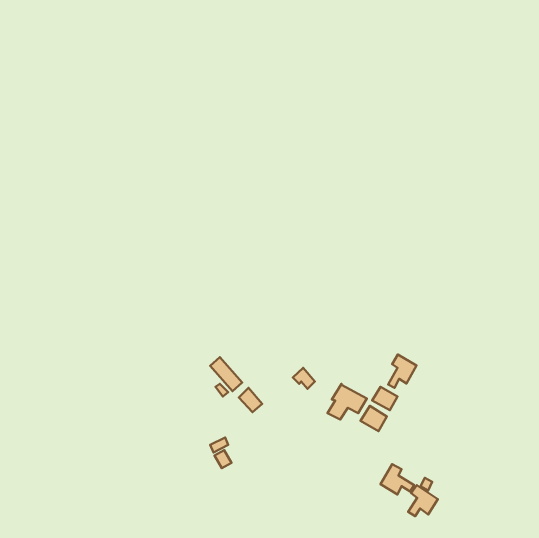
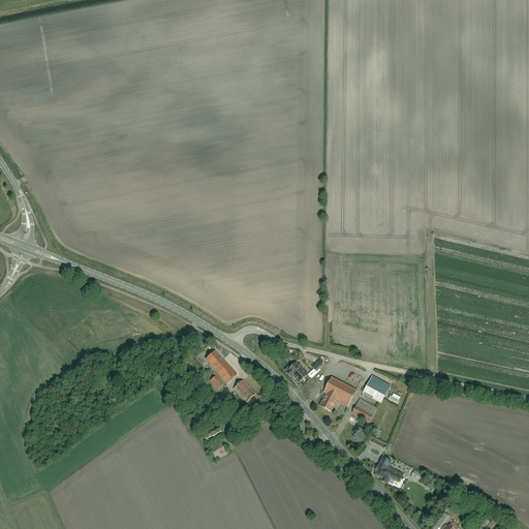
building: [388,355,416,388] -> none
building: [408,485,438,516] -> none

